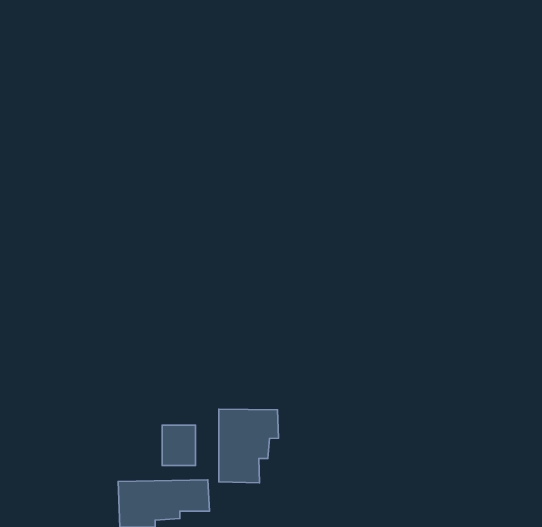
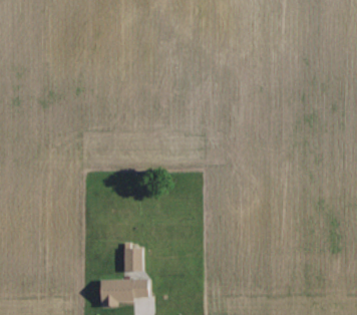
building: [219,409,279,483] -> none

